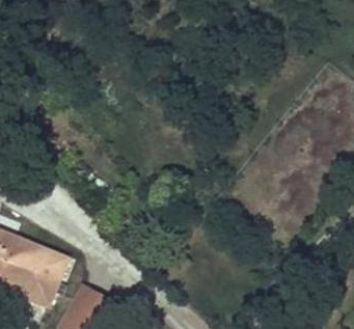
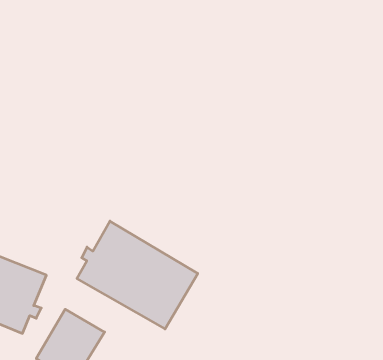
building: none -> [77,221,198,329]

